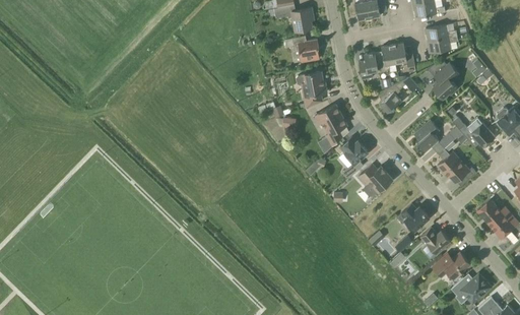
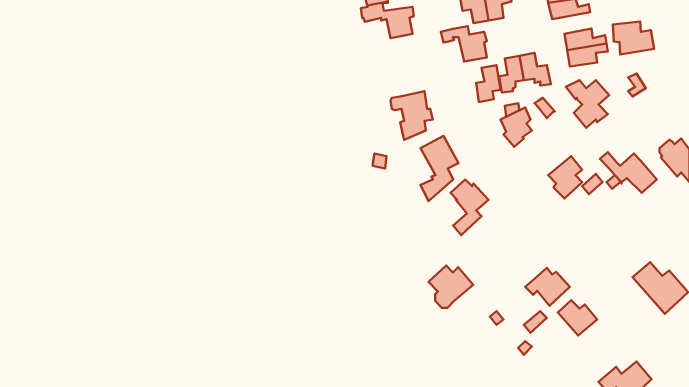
building: none -> [613,21,654,55]
building: [284,36,319,62] -> [441,26,487,62]
building: [437,151,476,182] -> none
building: [359,165,392,196] -> [428,266,473,308]
building: [432,252,470,279] -> none

